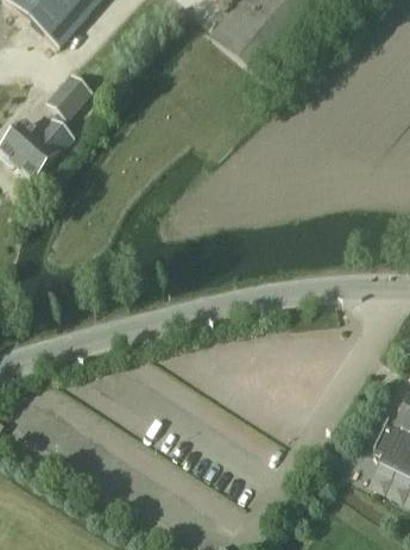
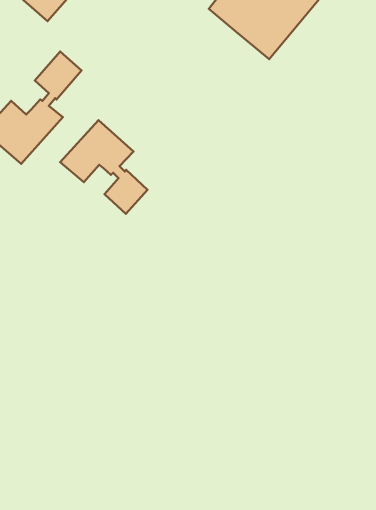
building: none -> [60,120,147,214]

